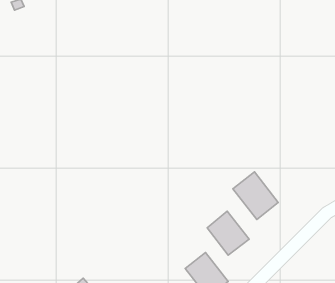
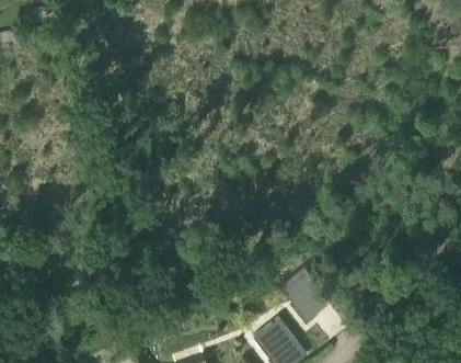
building: [233,172,278,219] -> none

